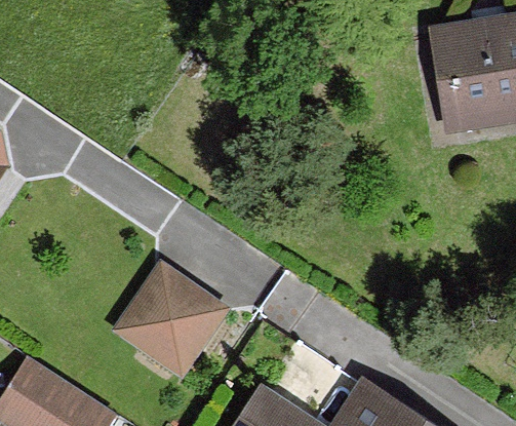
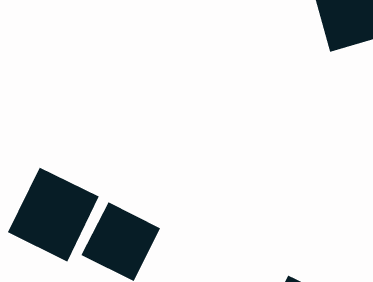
building: none -> [7,167,100,262]

